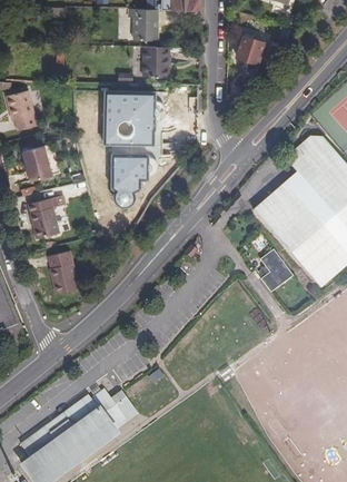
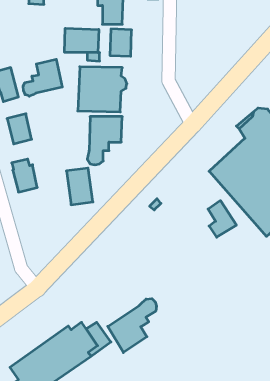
building: [237,36,264,62] -> none
building: none -> [65,28,99,53]
building: none -> [23,59,62,96]
building: [50,249,81,293] -> [66,168,93,205]
building: none -> [108,299,156,353]

